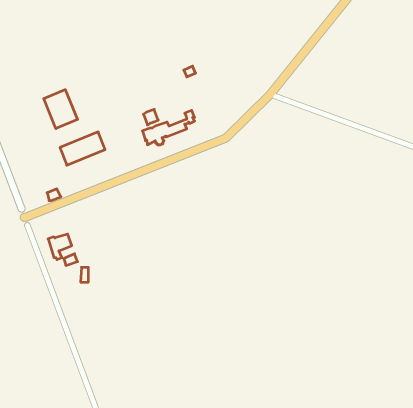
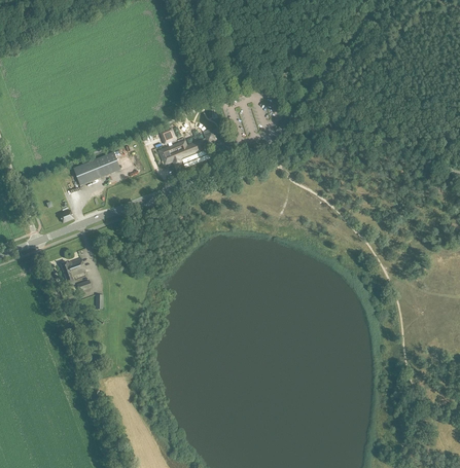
building: [44,90,78,129] -> none

